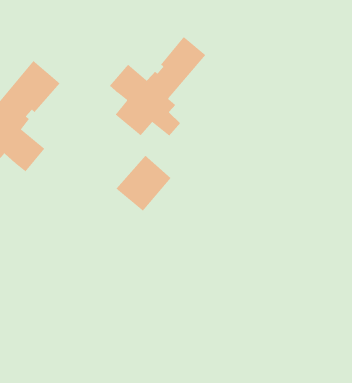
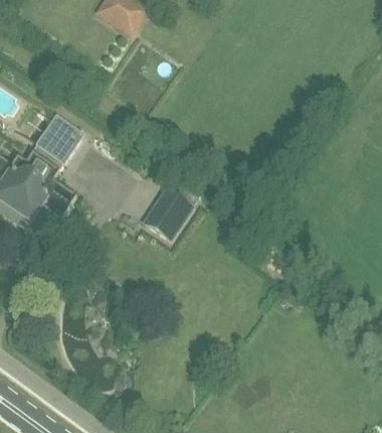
building: [109,36,206,136] -> none

